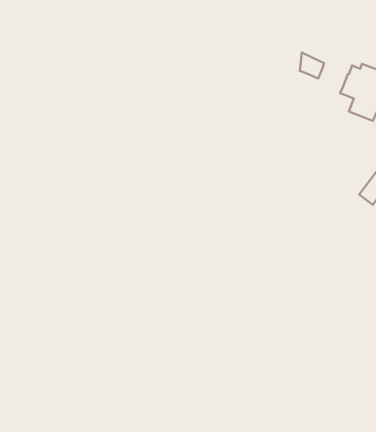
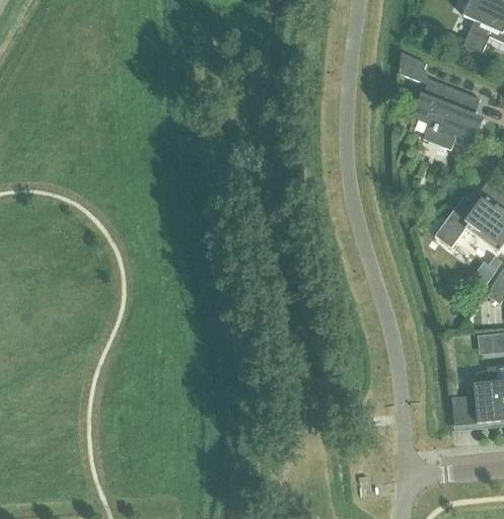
building: [300,53,324,79] -> [399,52,427,82]

